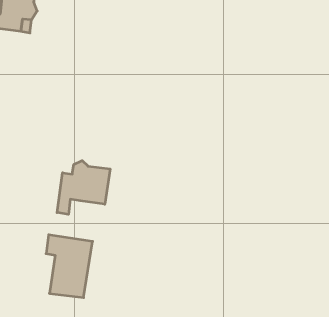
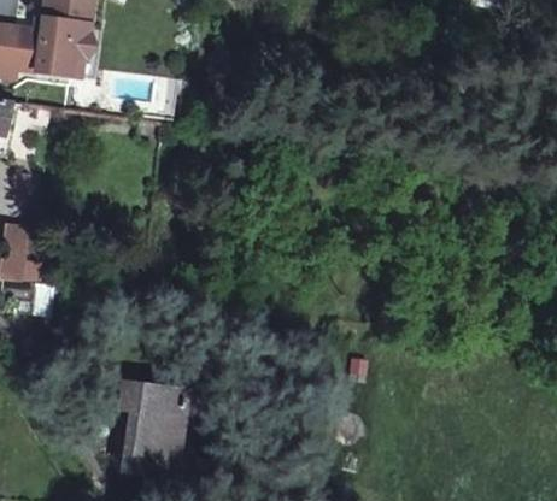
building: [57,161,110,214] -> none

